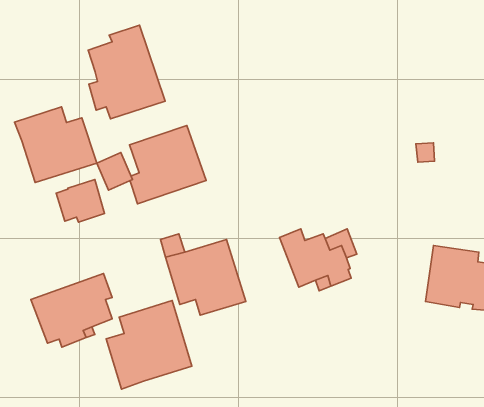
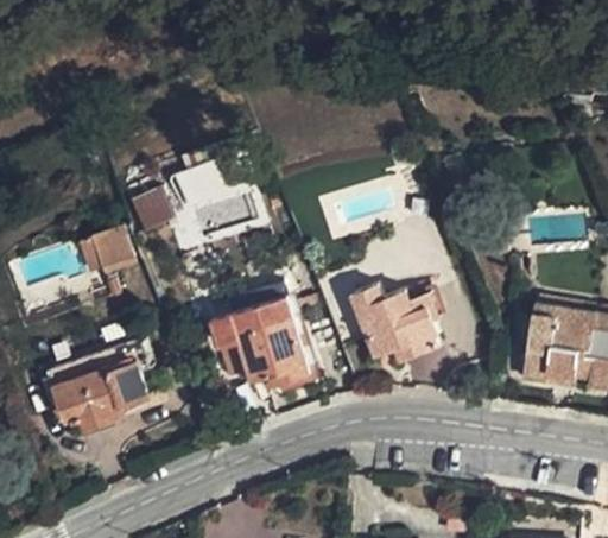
building: [88,25,165,119] -> none
building: [15,107,97,183] -> none
building: [106,300,192,389] -> none

